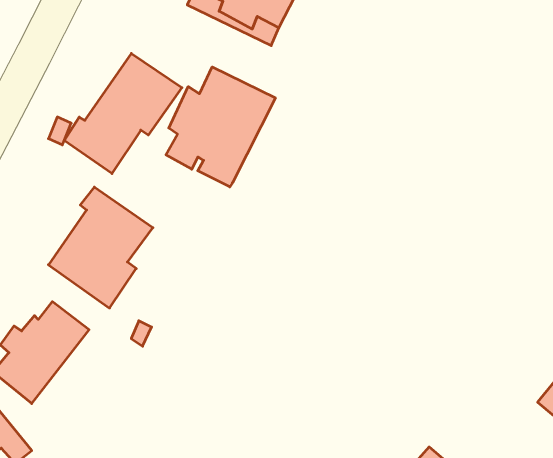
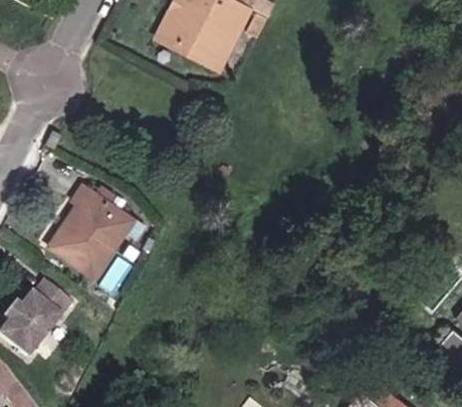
building: [64,53,182,174] -> none
building: [166,67,275,187] -> none

